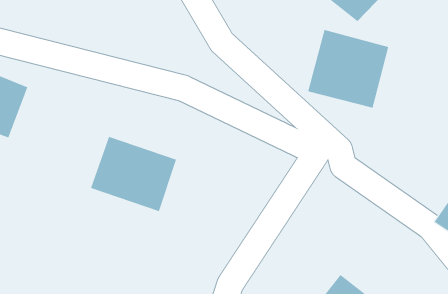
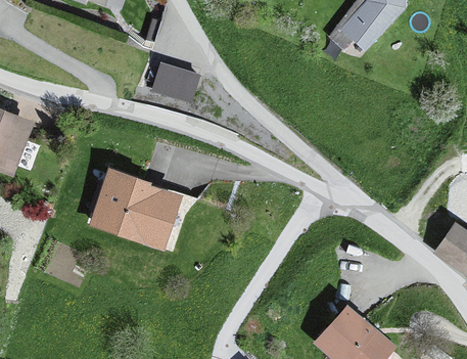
building: none -> [152,61,198,97]
building: [307,29,389,109] -> none

